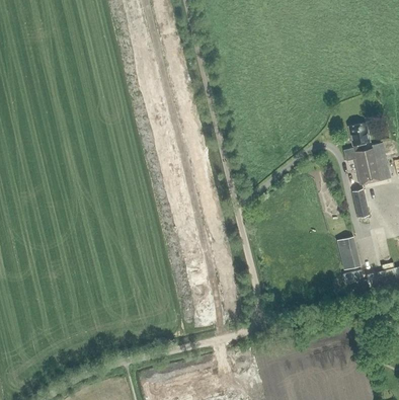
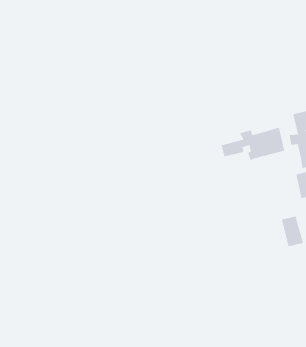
building: none -> [221,127,285,161]

